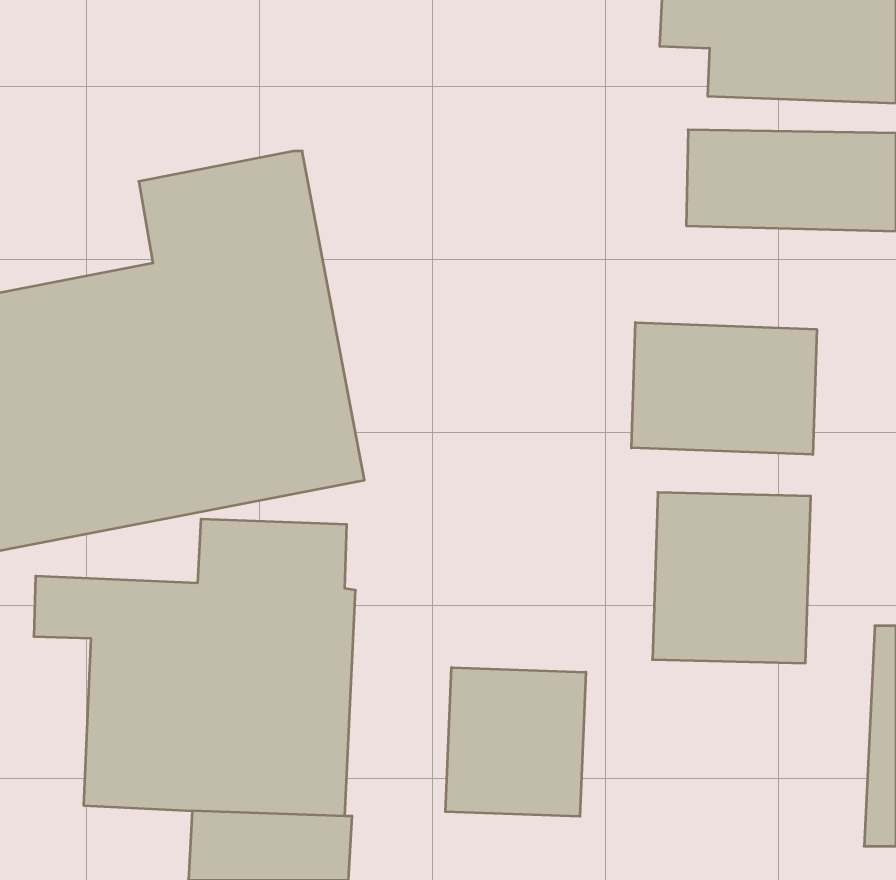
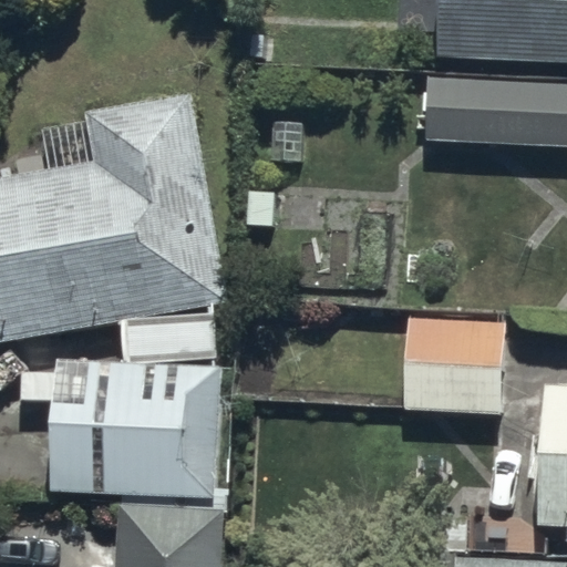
building: [631,322,817,455] -> none
building: [445,667,586,816] -> none

